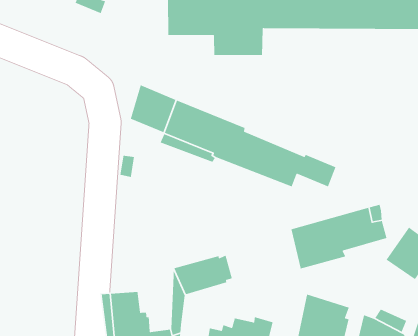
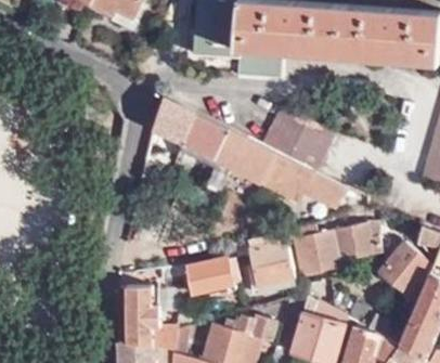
building: none -> [263,109,331,171]
building: none -> [249,234,293,286]

